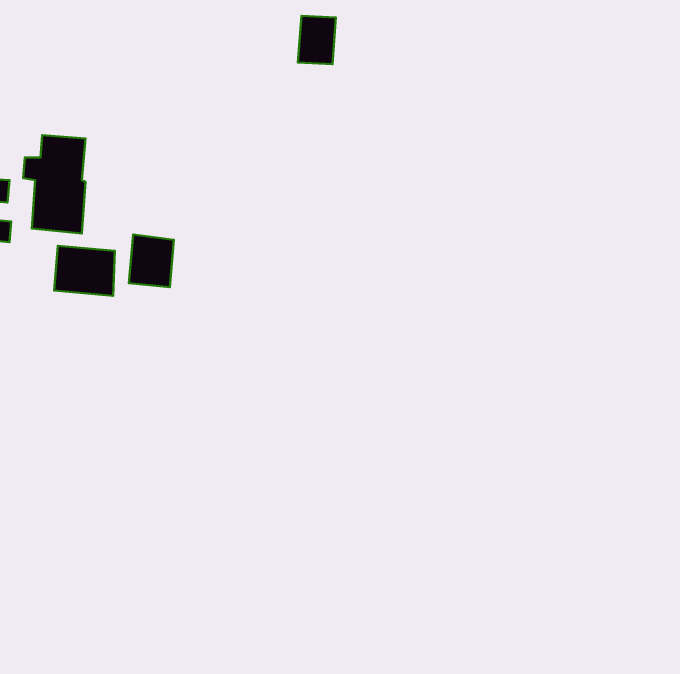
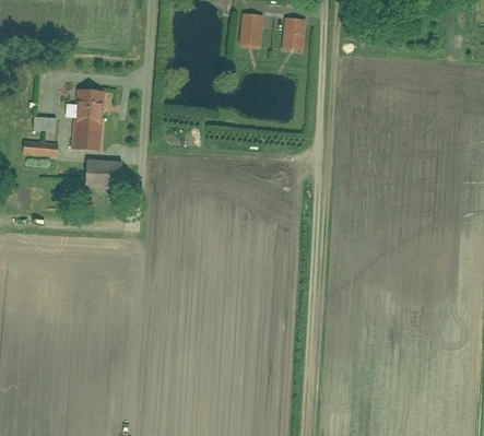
building: none -> [280,16,306,50]
building: [129,234,174,287] -> none

